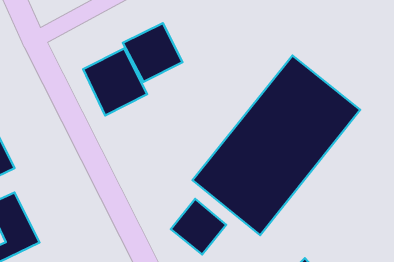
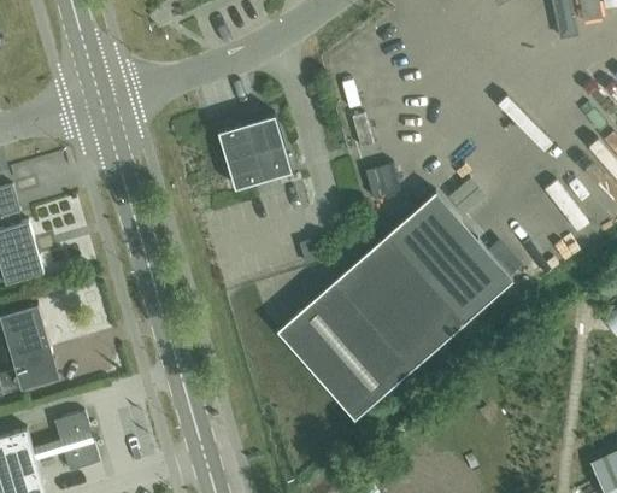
building: [83,48,147,115] -> none
building: [171,199,226,254] -> none

